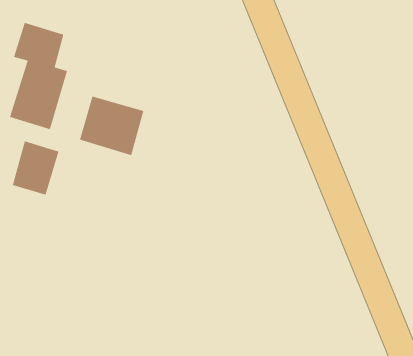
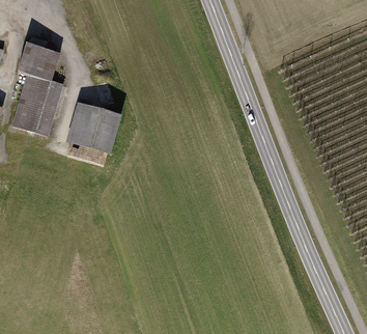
building: [12,141,59,196] -> none

